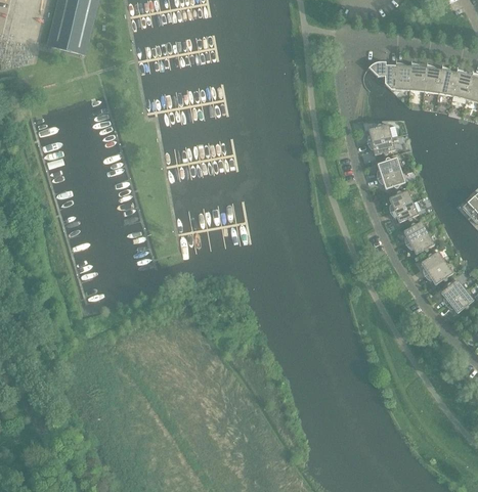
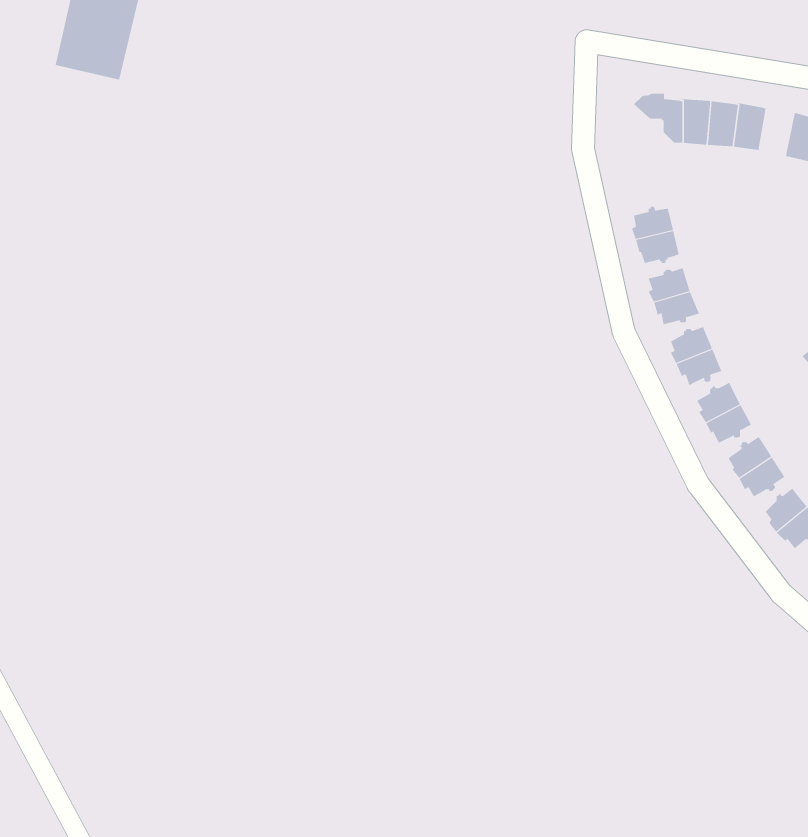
building: [437,68,457,95] -> none

